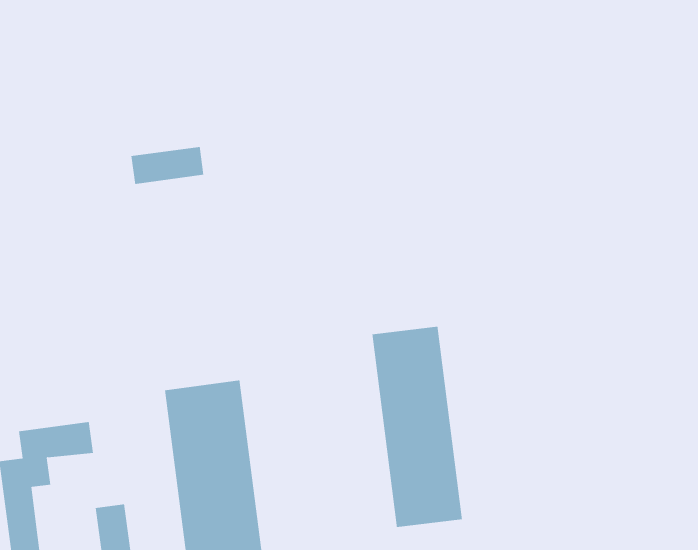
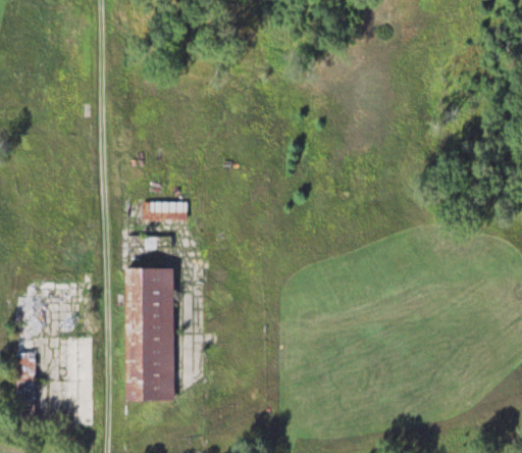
building: [131,146,204,184] -> [142,202,187,220]
building: [372,326,463,528] -> none

